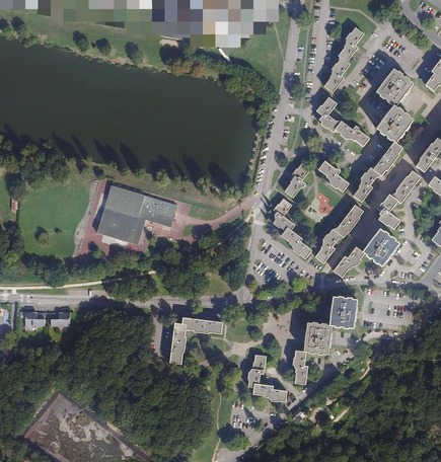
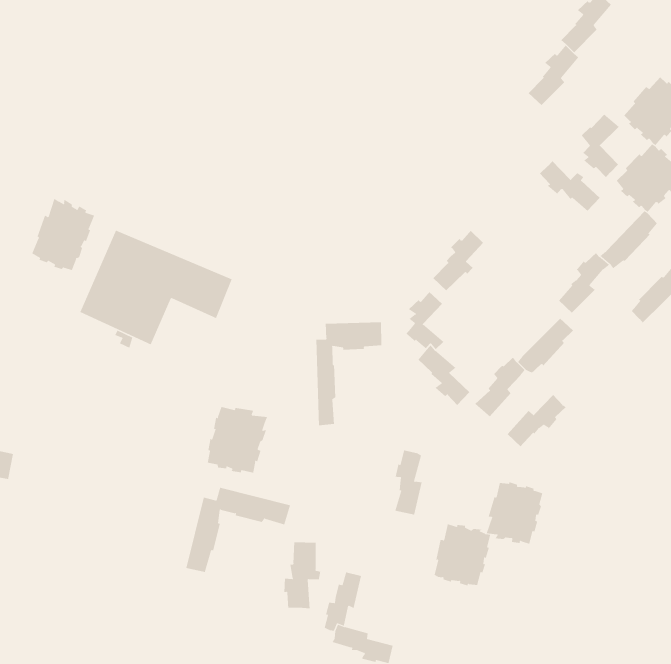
building: [316,97,339,132] -> [581,114,620,178]
building: [318,161,348,191] -> none
building: none -> [32,198,95,271]
building: [377,195,399,229] -> none
building: none -> [316,321,382,426]
building: [362,228,398,266] -> none
building: none -> [207,406,268,474]
building: none -> [284,541,321,609]
building: [292,350,307,384] -> [395,450,422,515]

